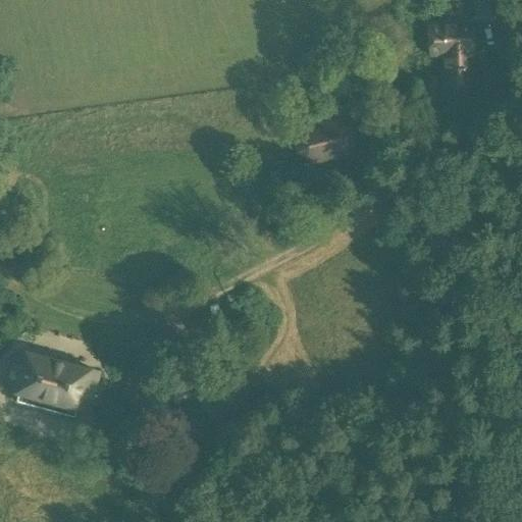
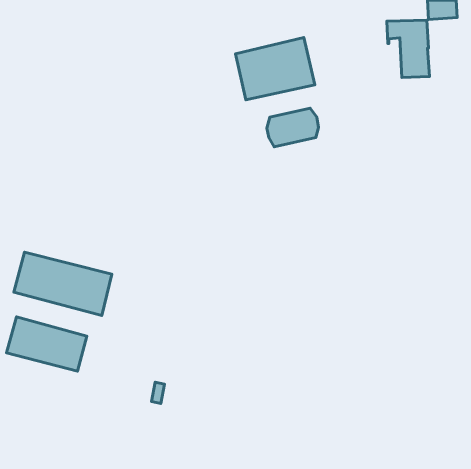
building: none -> [236,38,315,100]
building: none -> [14,252,112,315]

